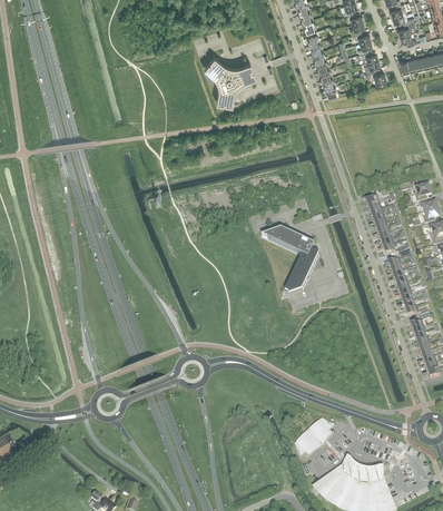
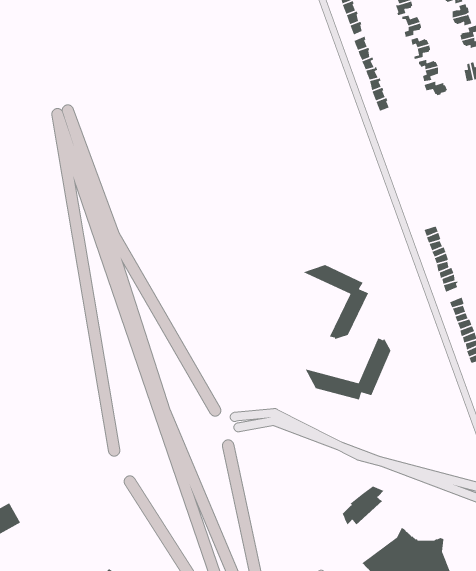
building: [204,55,256,104] -> none
building: none -> [304,337,391,401]

